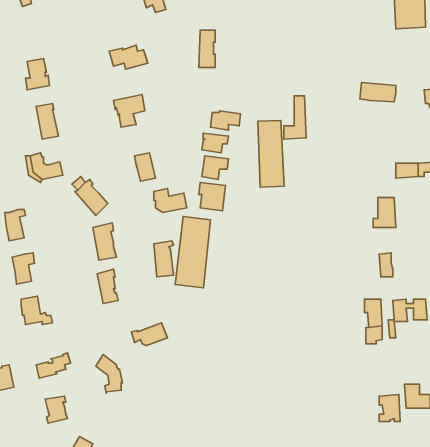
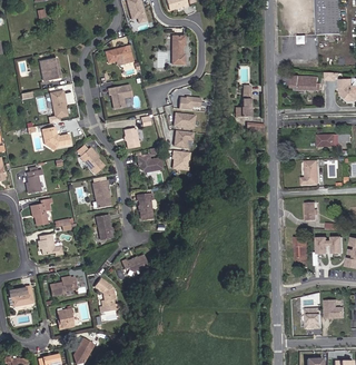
building: [258,120,284,187] -> none
building: [175,217,210,288] -> none

